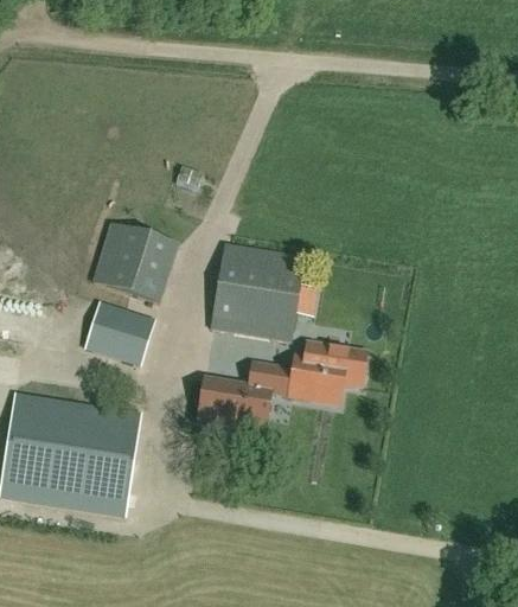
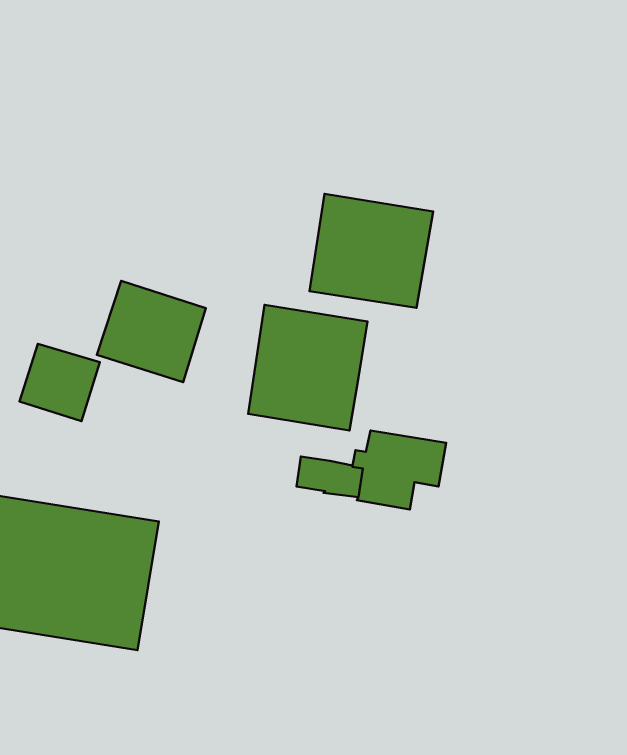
building: none -> [310,194,433,308]
building: [90,305,153,365] -> [20,344,100,421]
building: [198,378,270,432] -> none

